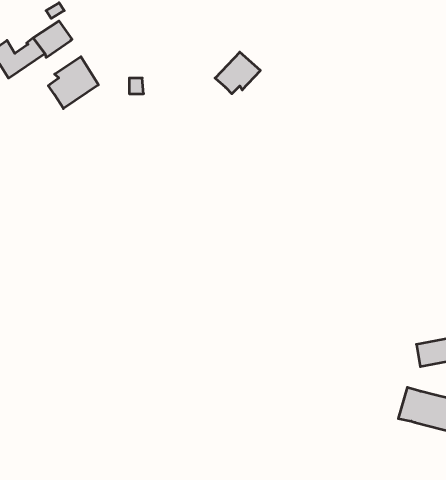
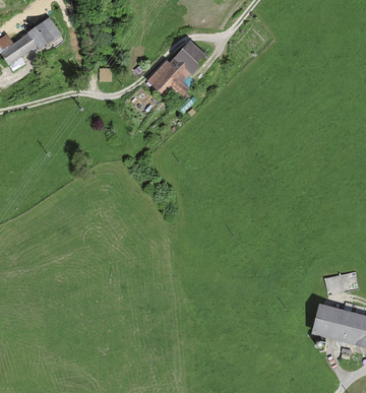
building: [48,57,98,109] -> none
building: none -> [148,62,186,96]

